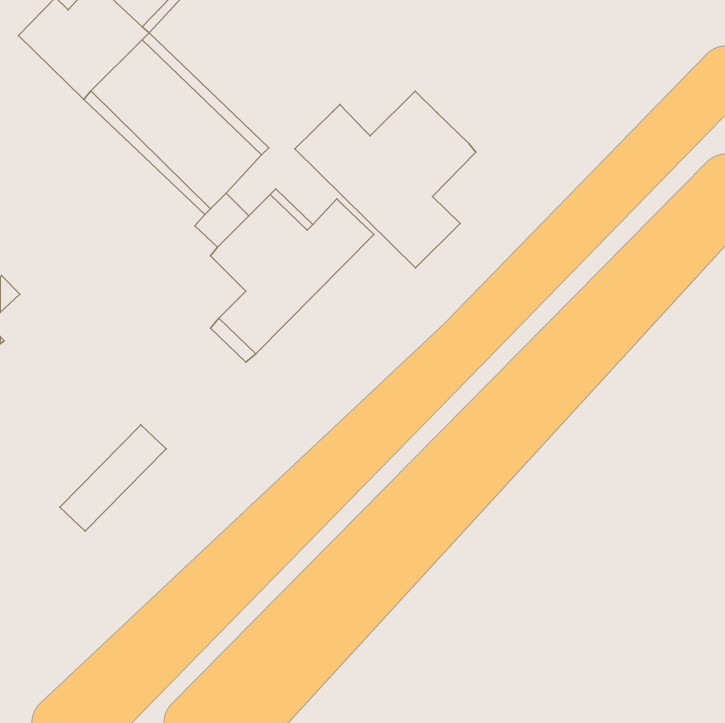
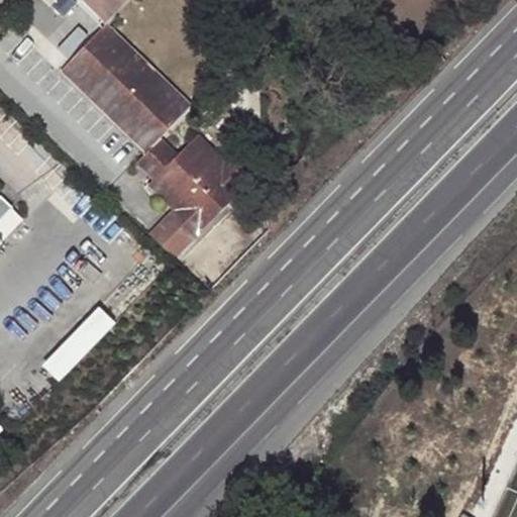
building: [295,91,476,268] -> none

